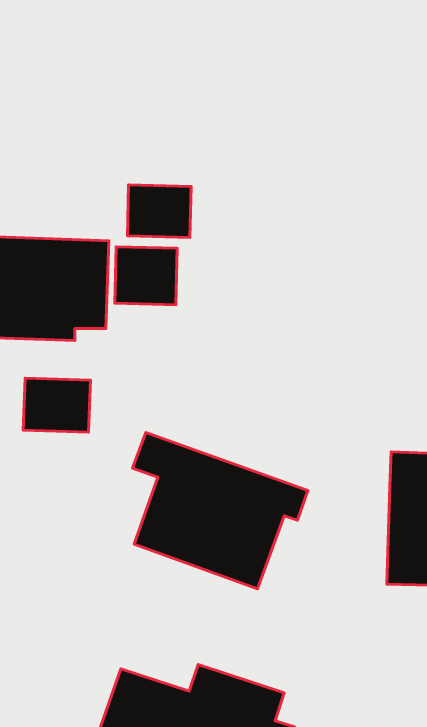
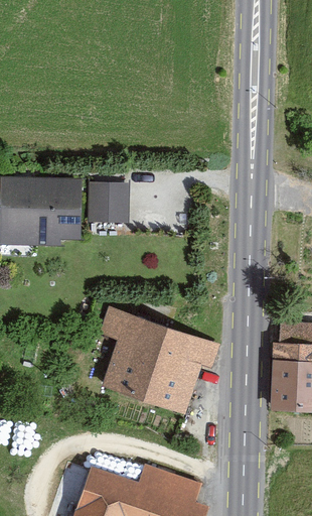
building: [127,185,191,237] -> none
building: [23,378,90,432] -> none

